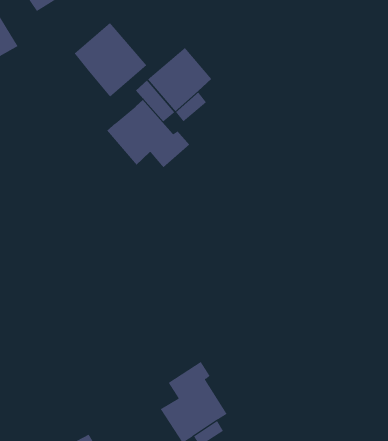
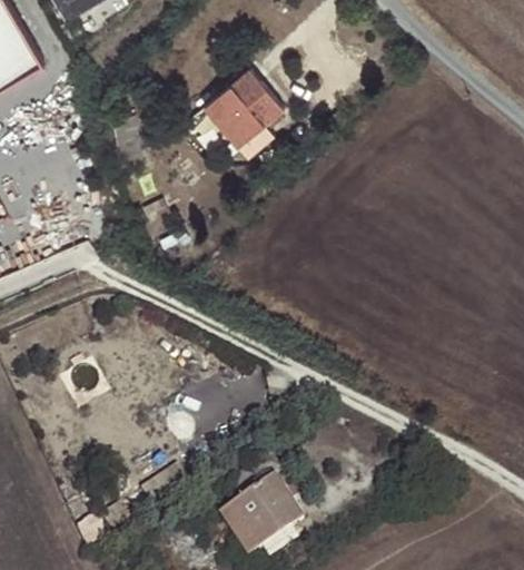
building: [74,22,147,98] -> none
building: [106,99,190,168] -> none

